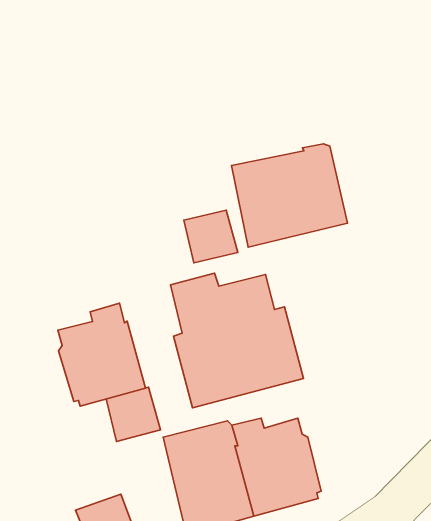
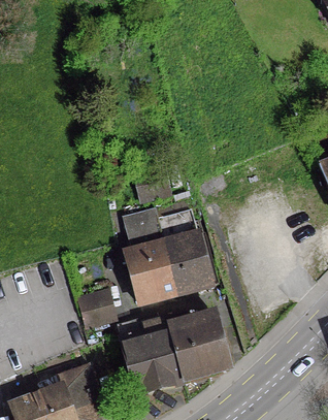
building: [231,144,348,247] -> none
building: [58,303,146,406] -> none

